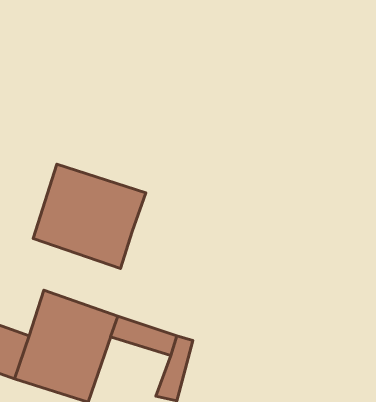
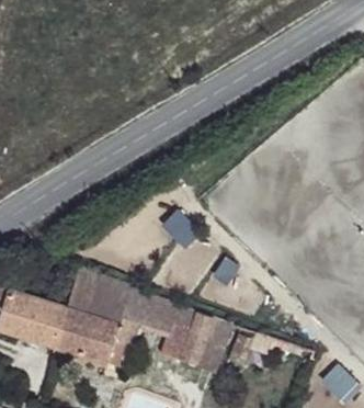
building: [33,164,146,269] -> none

